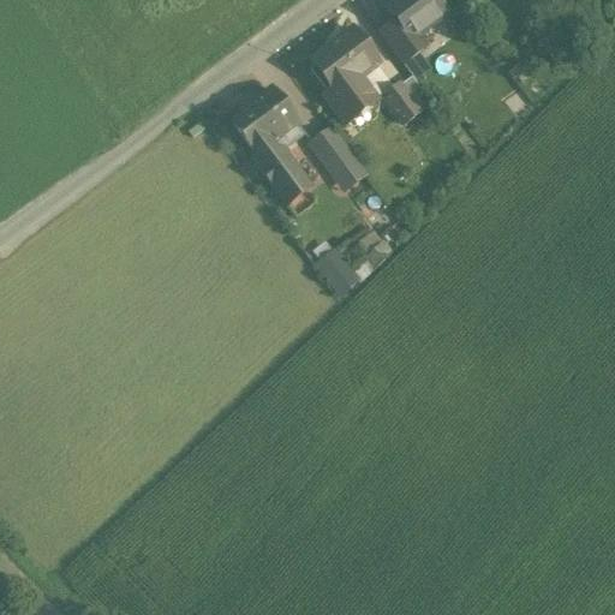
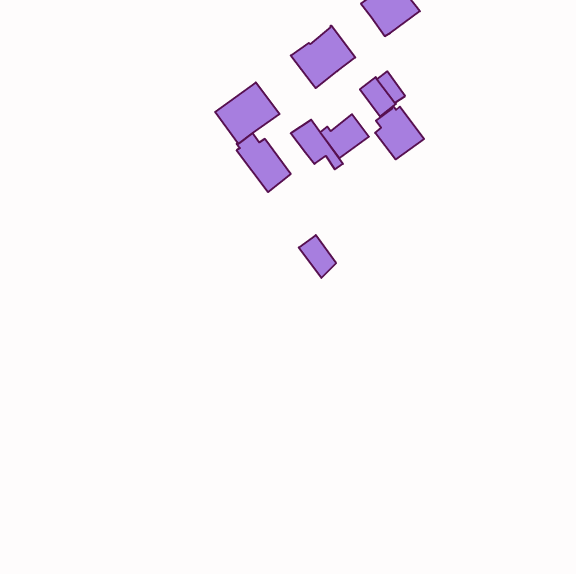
building: [380,18,426,64] -> none
building: [327,76,378,123] -> [320,114,369,158]
building: none -> [375,106,424,159]

